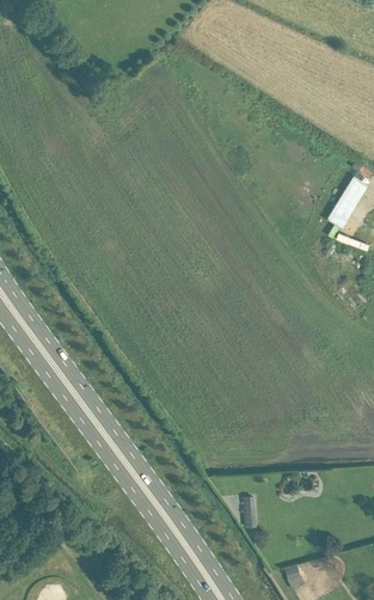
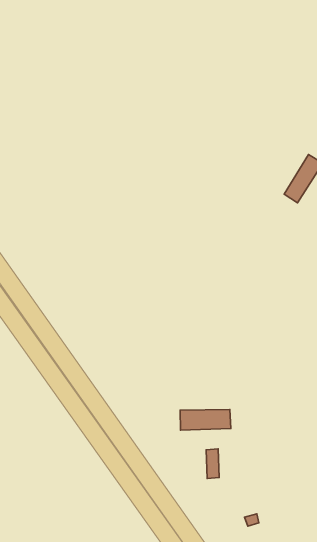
building: none -> [180,410,231,430]

